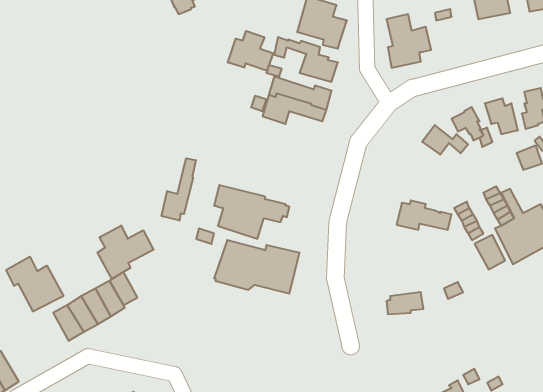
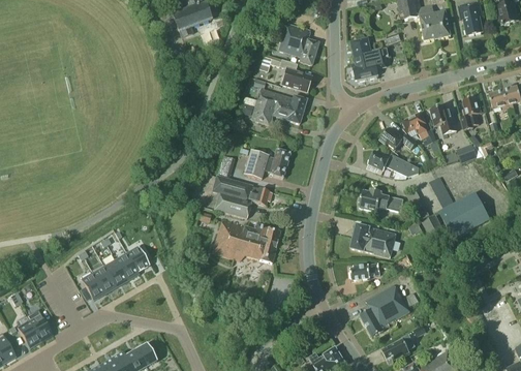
building: [228,31,273,71] -> none
building: none -> [243,149,289,179]
building: none -> [368,150,419,176]
building: [162,158,196,221] -> none
building: [97,225,153,279] -> none
building: none -> [350,222,397,257]
building: [6,257,63,312] -> none
building: none -> [360,283,419,336]

